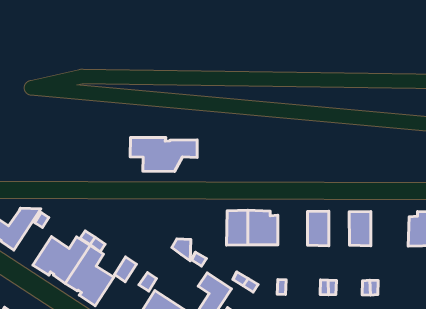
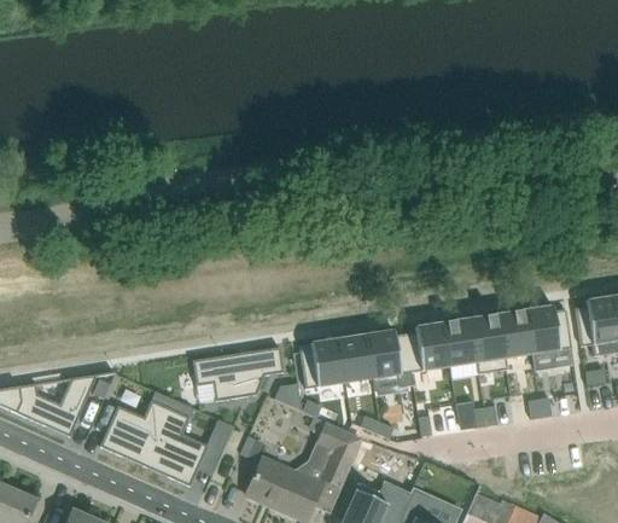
building: [130,137,197,171] -> [193,349,284,401]
building: none -> [299,338,345,389]
building: none -> [406,322,450,372]
building: none -> [471,314,505,362]
building: none -> [525,306,572,354]

